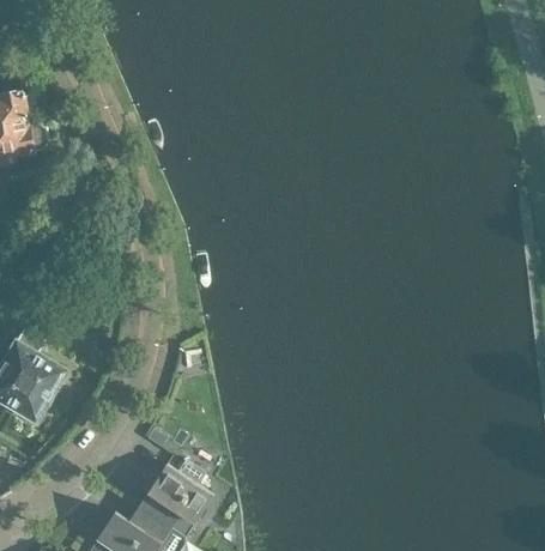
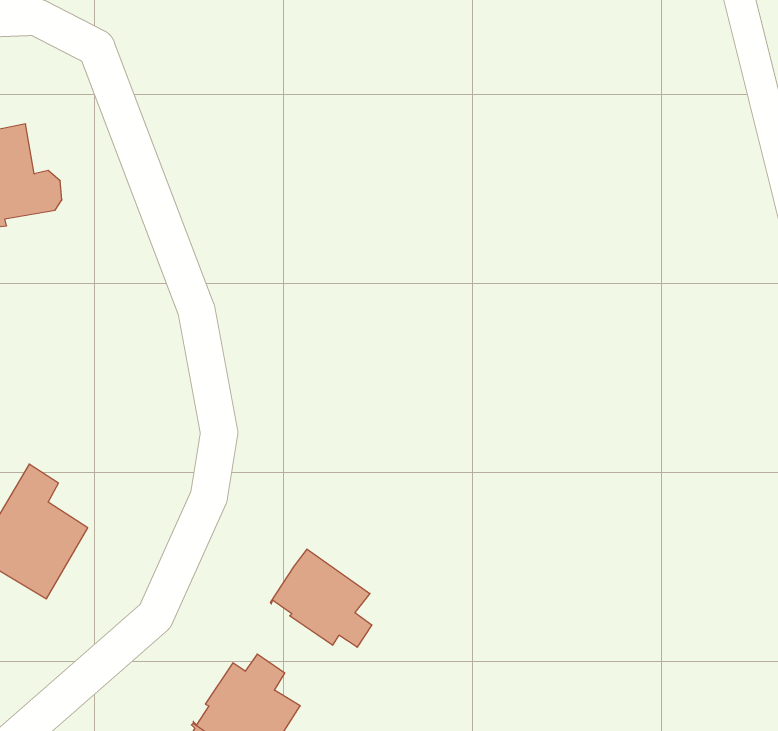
building: none -> [270,549,372,647]

